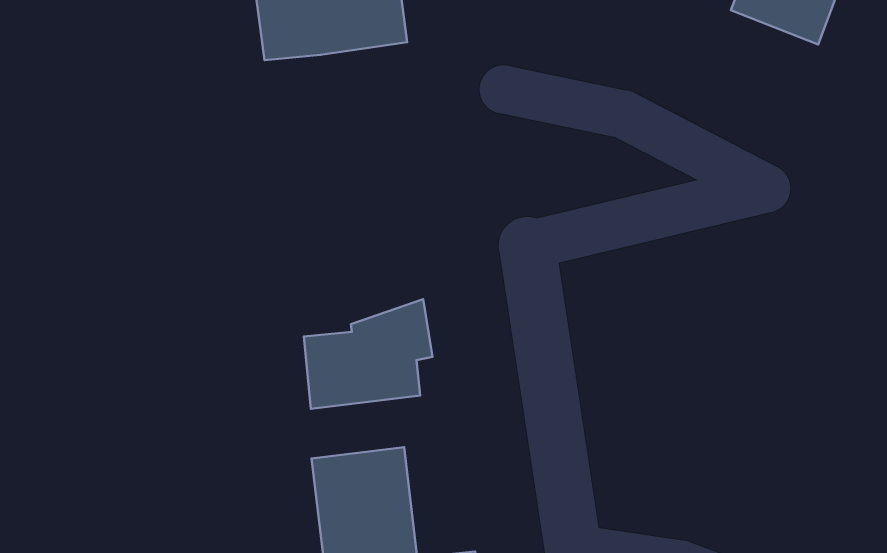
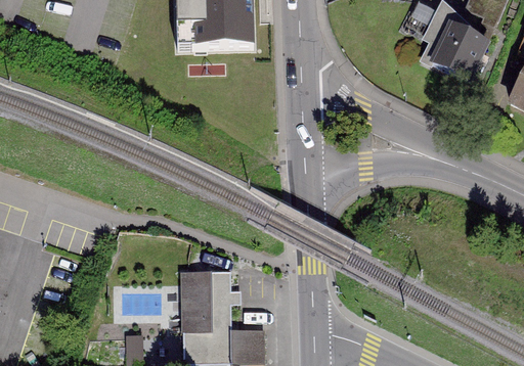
building: [304,299,432,409] -> none

